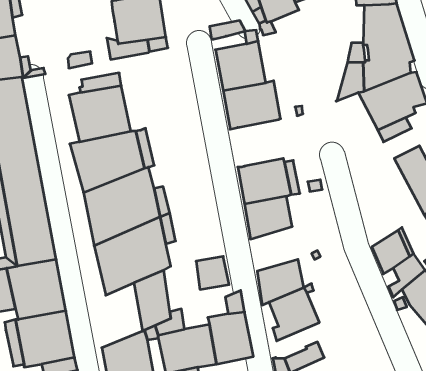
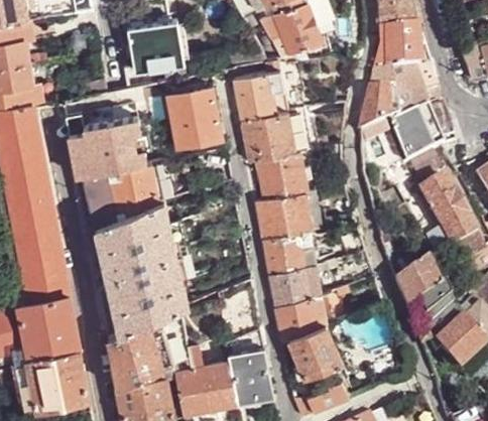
building: none -> [165,84,222,145]
building: none -> [256,149,306,197]
building: none -> [269,260,319,306]
building: none -> [106,318,157,386]

